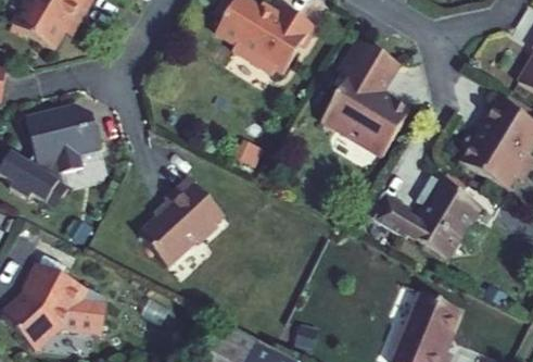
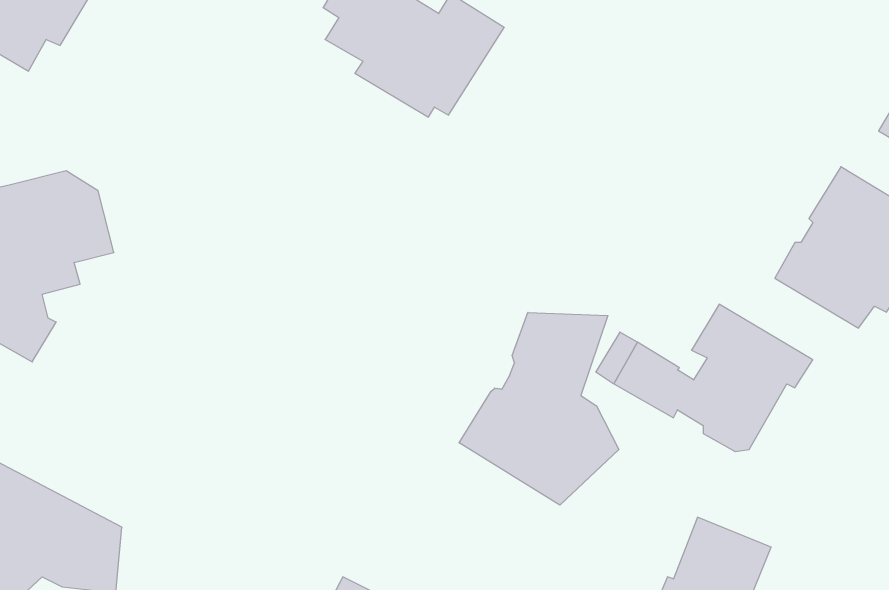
building: [322,38,410,154] -> none
building: [138,177,224,265] -> none
building: none -> [459,312,619,505]

